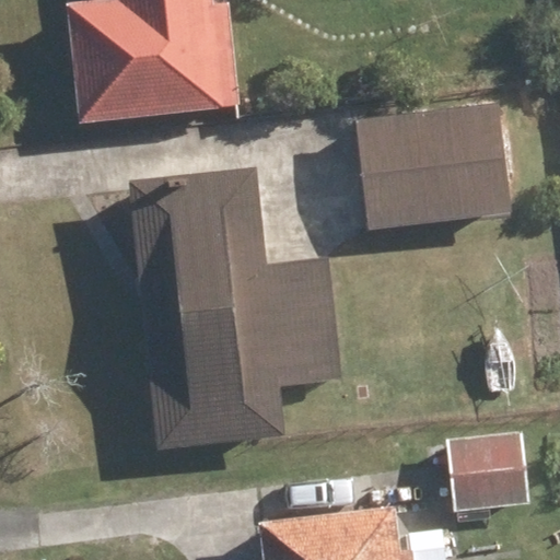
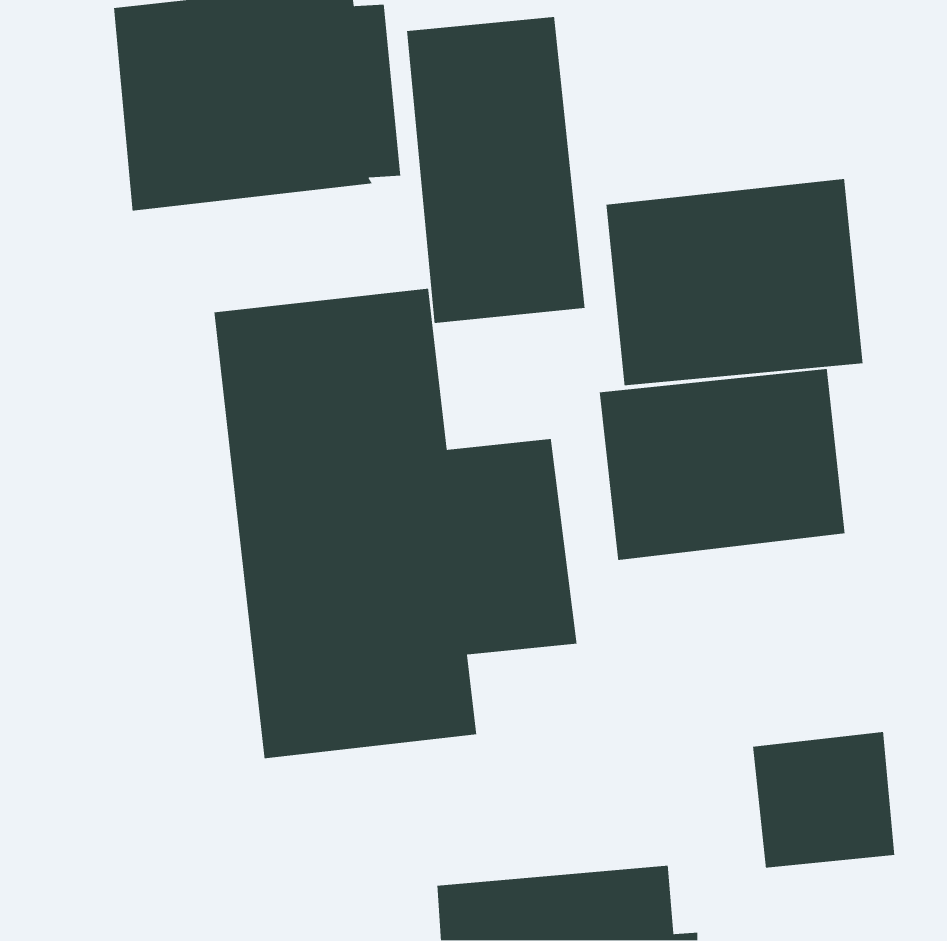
building: none -> [406,16,585,324]
building: none -> [599,368,846,561]

